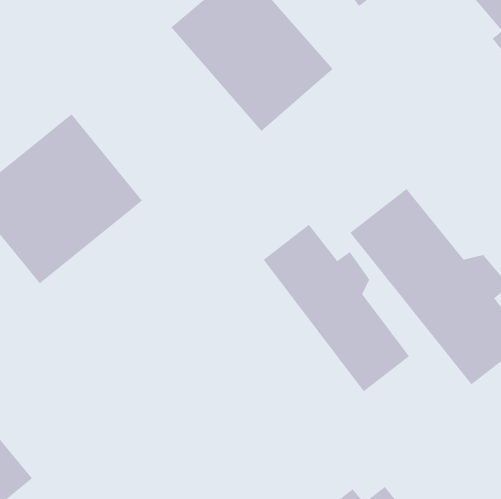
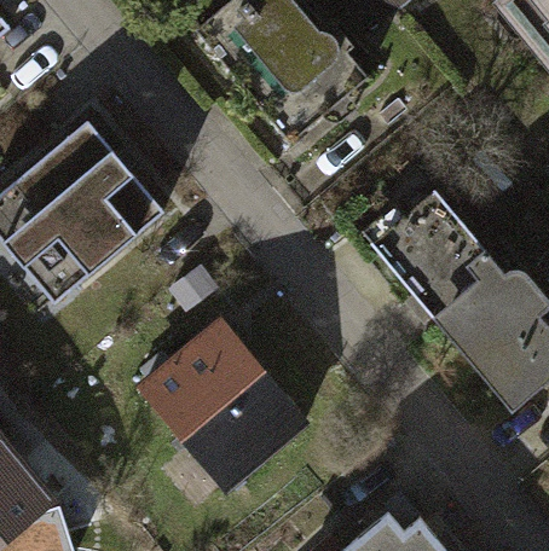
building: [263,224,410,392] -> none
building: none -> [138,323,302,487]

